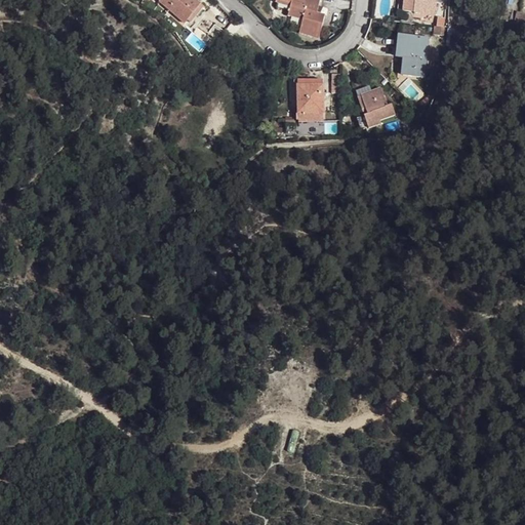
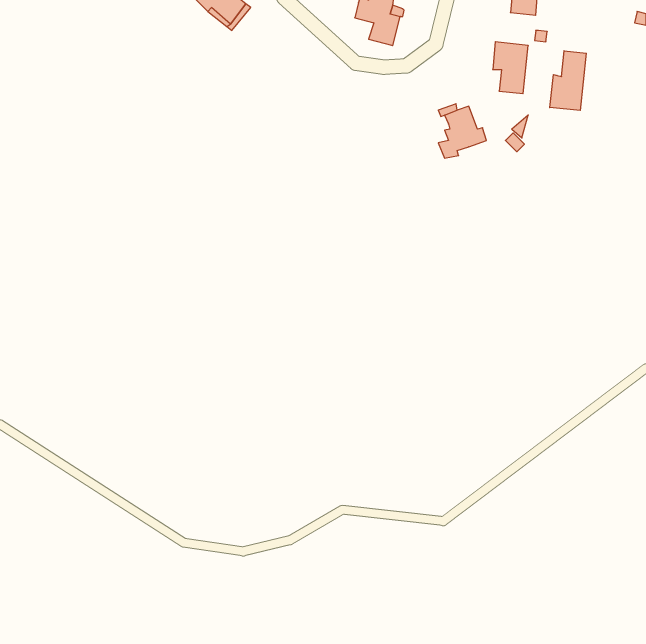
building: none -> [550,51,586,110]
building: [296,78,323,121] -> none

